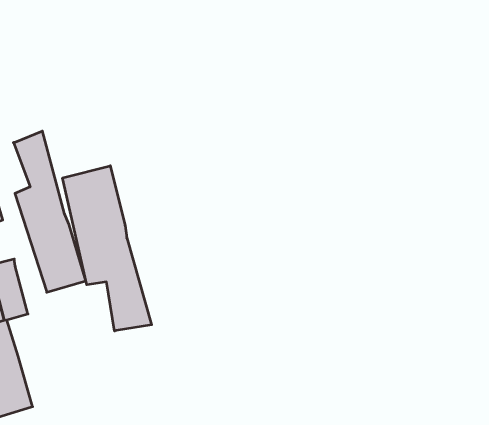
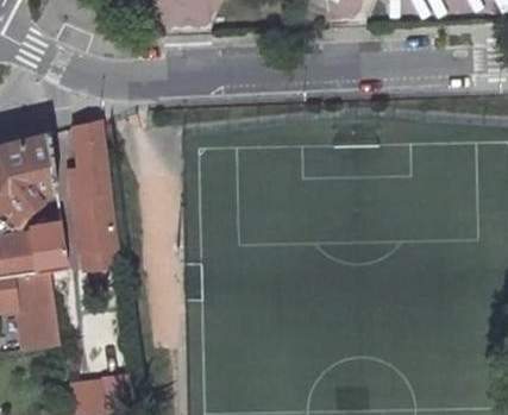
building: [63,166,152,331] -> none

